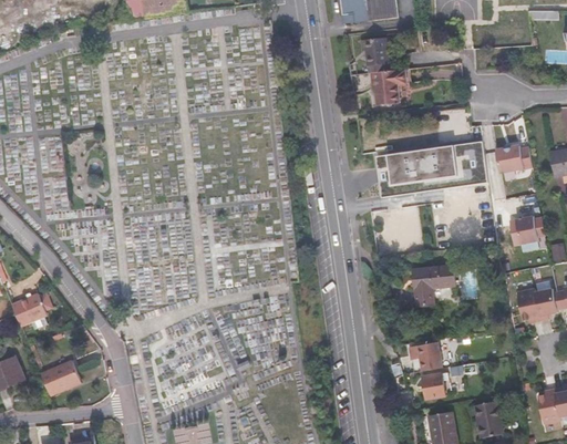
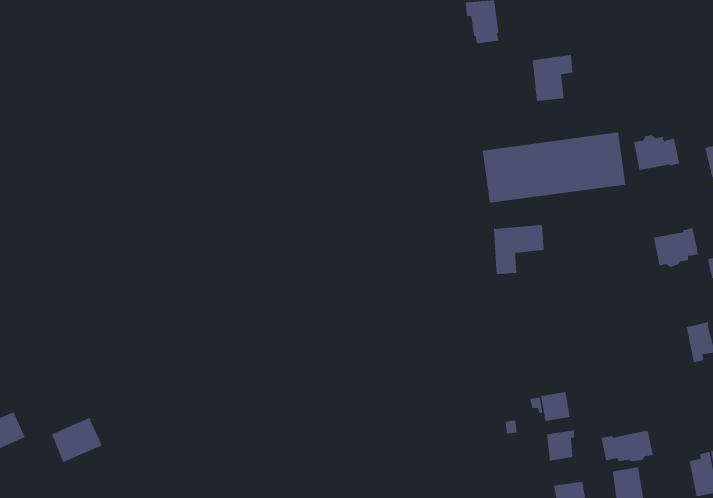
building: [373,68,405,104] -> [532,54,573,101]
building: [414,265,454,303] -> [493,225,544,274]
building: [516,288,539,321] -> none
building: [11,295,47,328] -> none
building: none -> [601,430,653,462]

